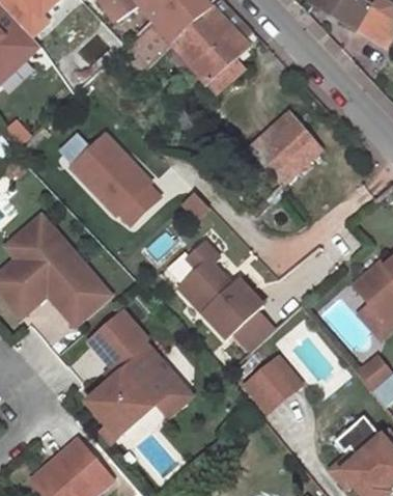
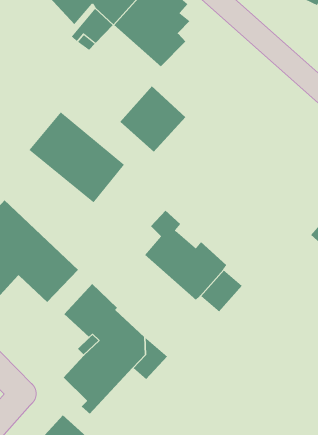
building: [249,114,318,184] -> [120,86,186,152]
building: [245,360,298,411] -> none

